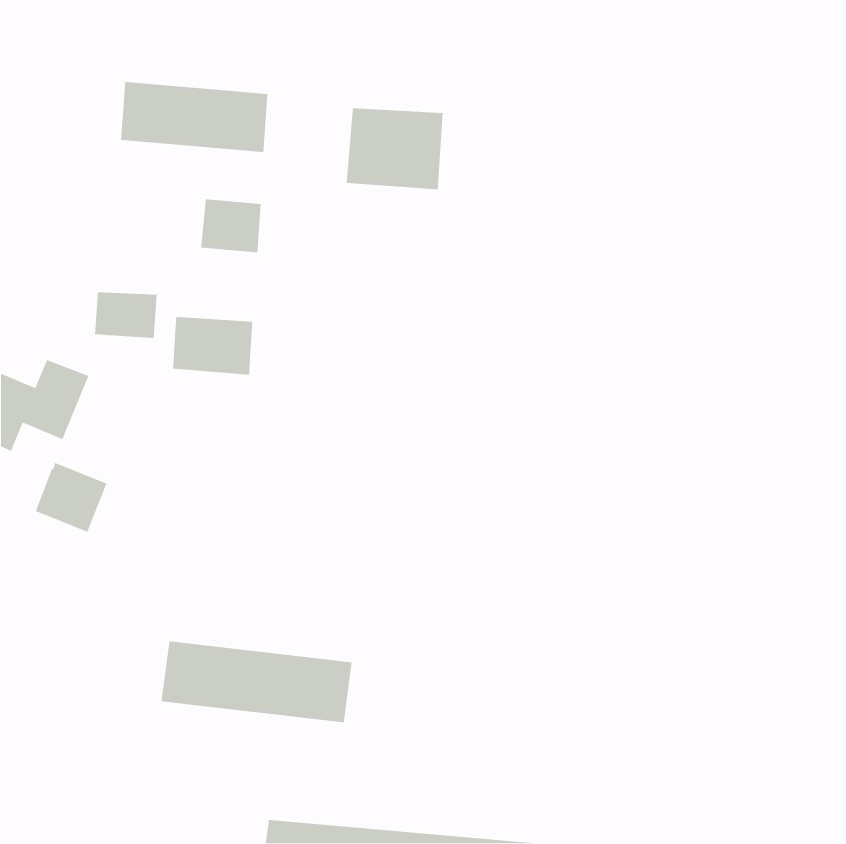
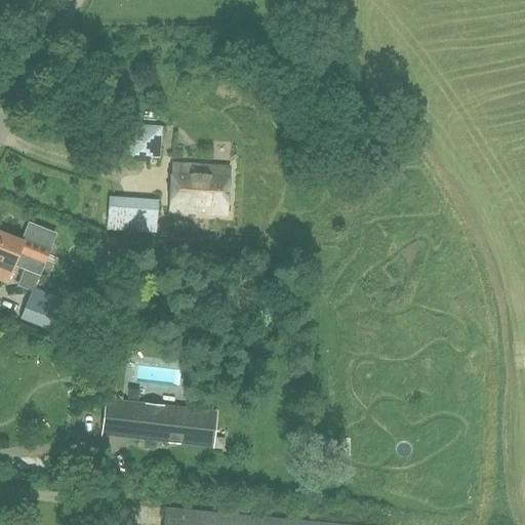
building: [120,81,268,153] -> none
building: [346,108,443,190] -> [169,163,230,214]
building: [94,292,157,339] -> none

